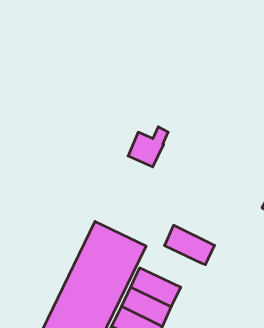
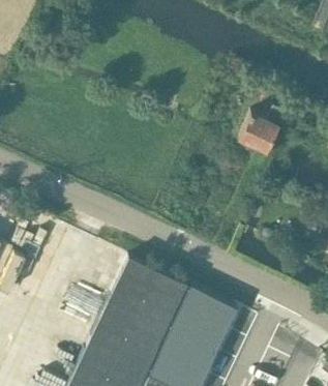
building: [128,127,168,167] -> [241,109,287,154]
building: [164,225,215,265] -> [181,288,238,332]

